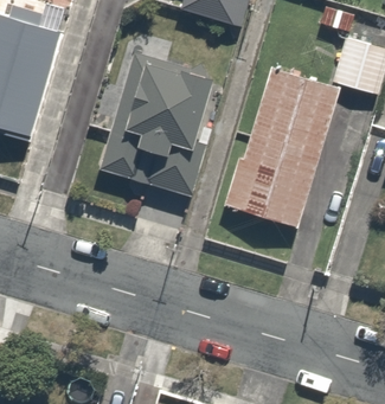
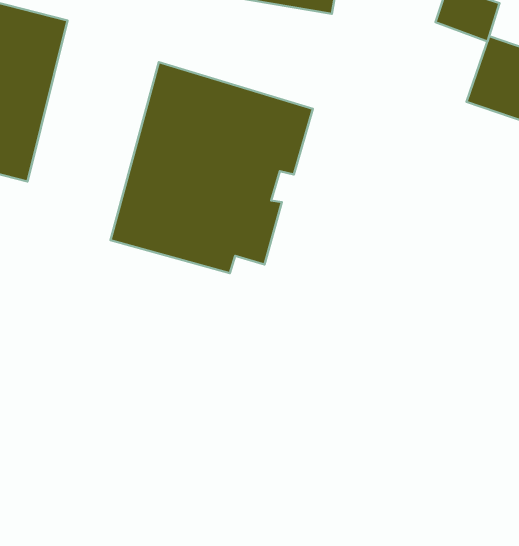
building: [224,71,338,229] -> none

